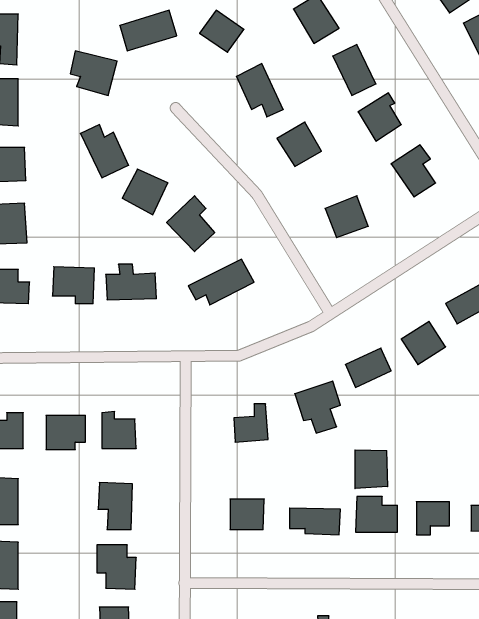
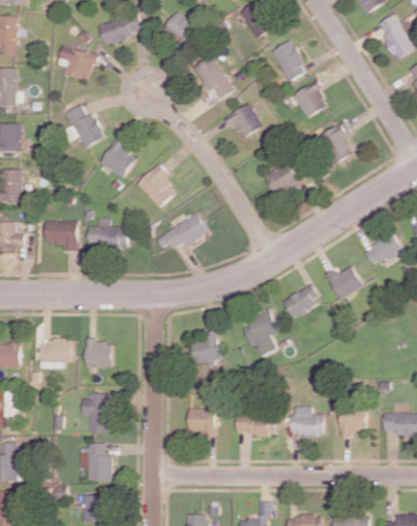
building: [355,450,388,489] -> none

